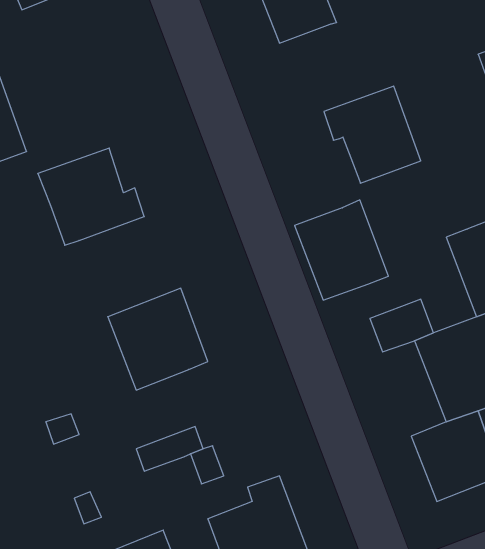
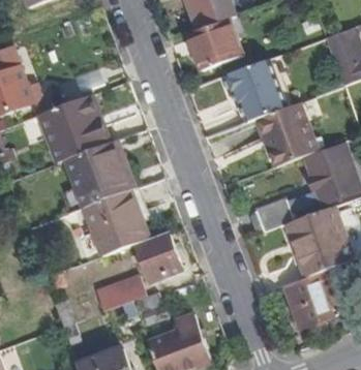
building: none -> [186,18,242,69]
building: [295,200,388,300] -> [257,101,318,166]
building: none -> [65,141,131,208]
building: none -> [137,230,182,281]

